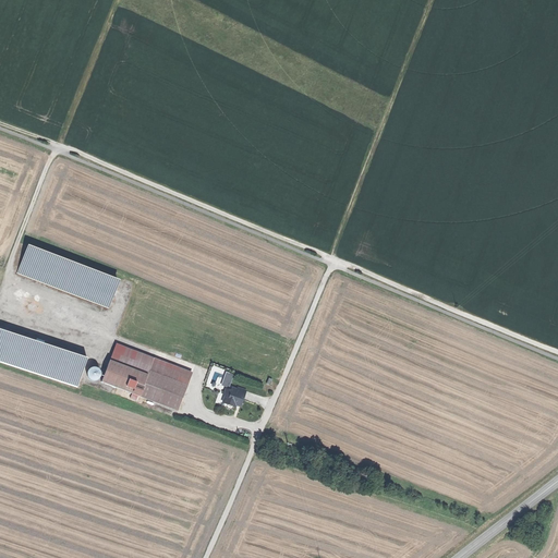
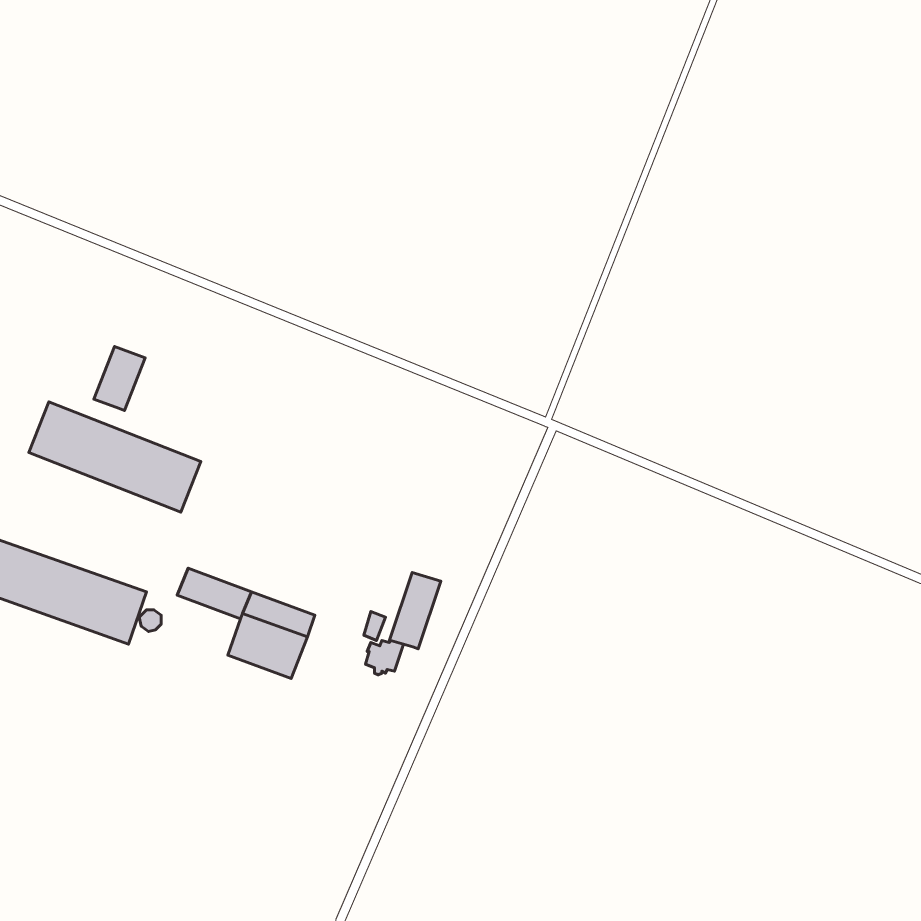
building: none -> [94,346,145,411]
building: none -> [390,572,441,649]
building: [99,359,145,395] -> none

